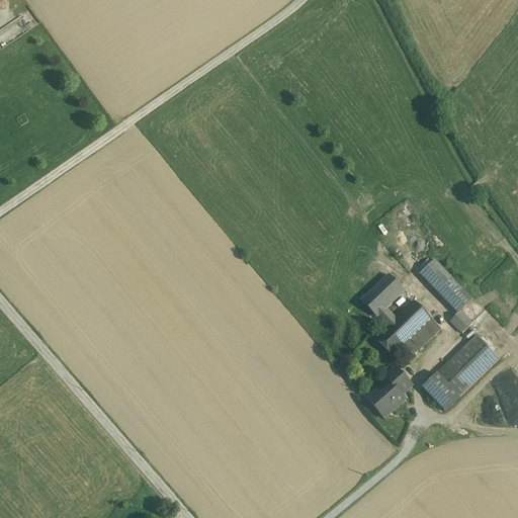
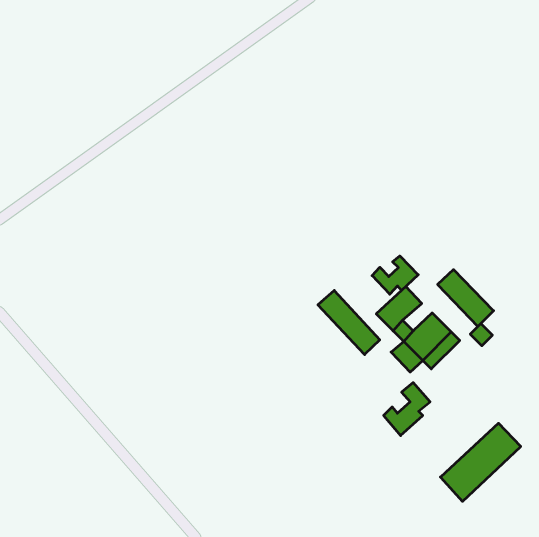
building: none -> [372,256,418,294]
building: none -> [318,290,380,355]
building: [423,335,500,410] -> [440,423,521,501]

